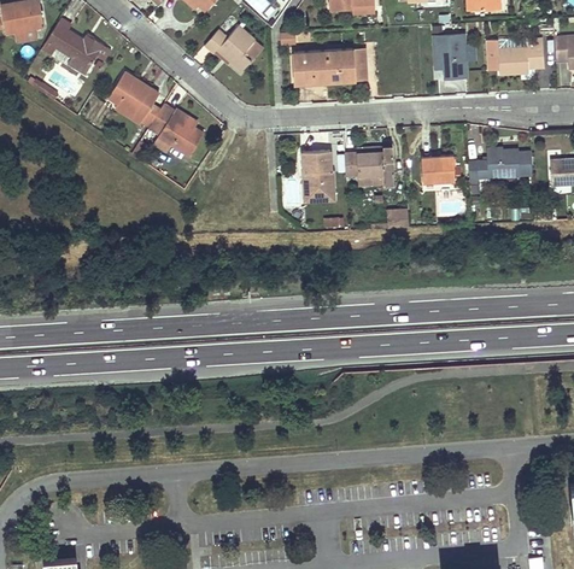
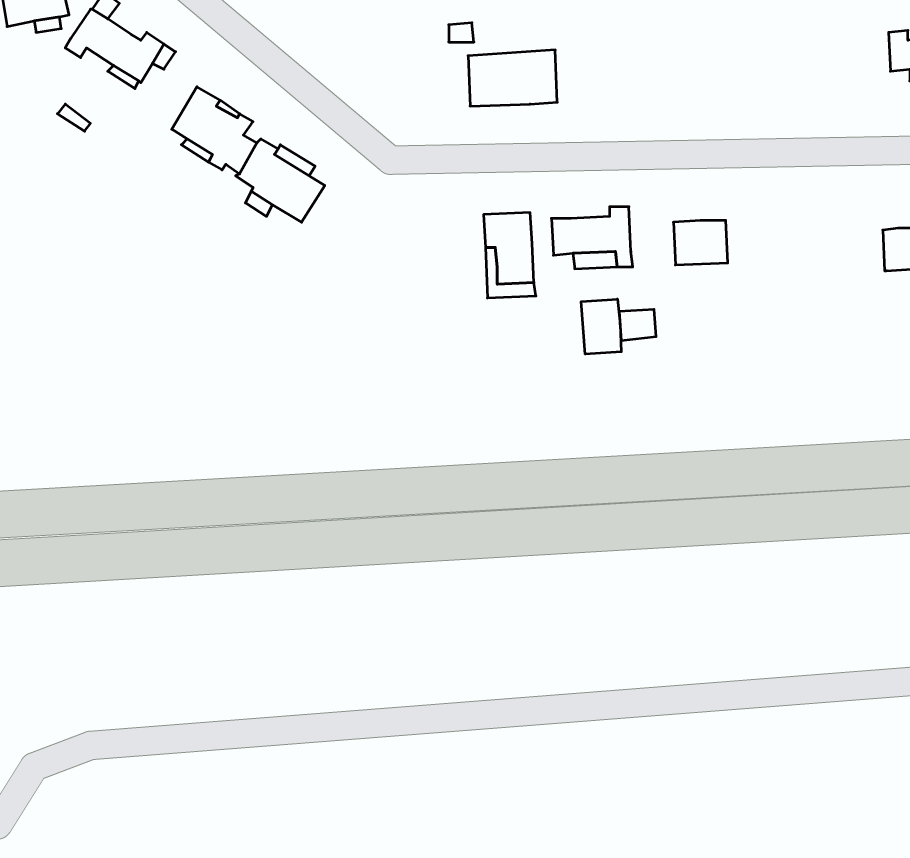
building: [205,25,256,72] -> none
building: [434,36,467,78] -> none
building: [485,39,544,76] -> none
building: [347,49,368,82] -> none
building: [469,147,520,187] -> none
building: none -> [581,299,621,354]

